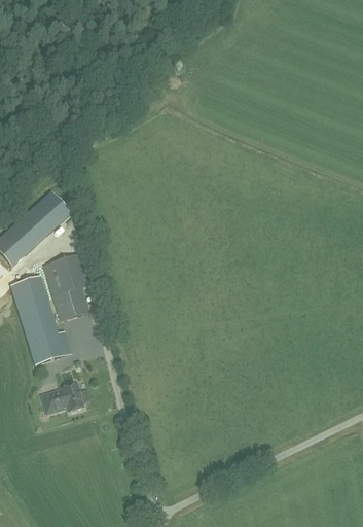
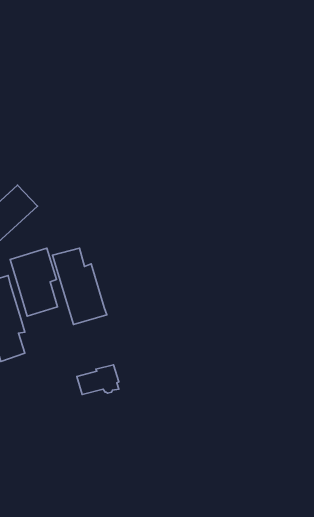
building: none -> [52,248,107,325]
building: [41,383,82,412] -> [77,365,119,394]

